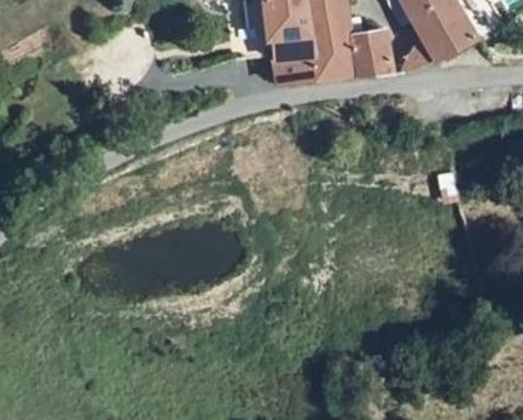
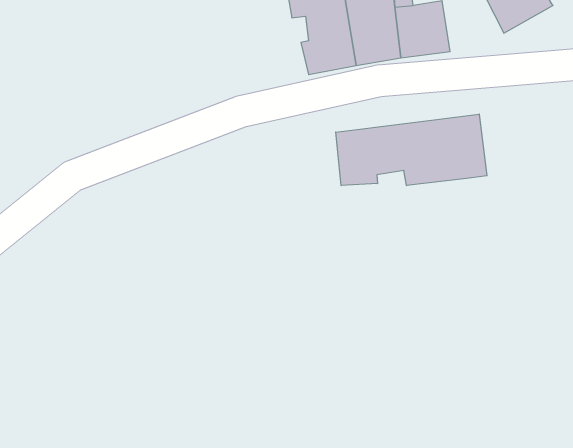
building: none -> [336,114,487,186]

